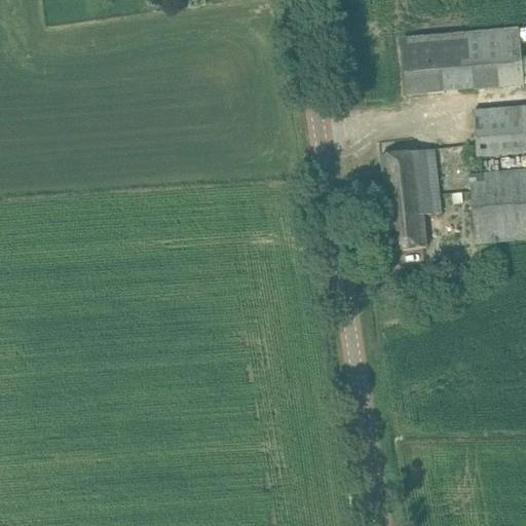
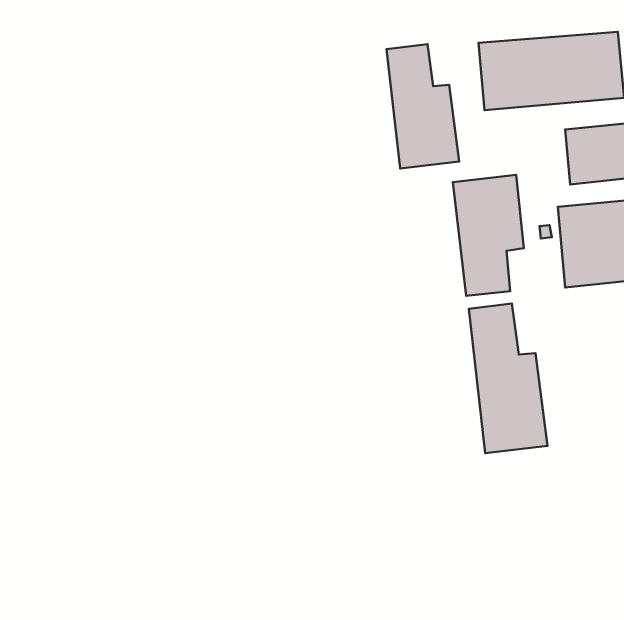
building: none -> [387,44,459,168]
building: none -> [469,304,547,453]

